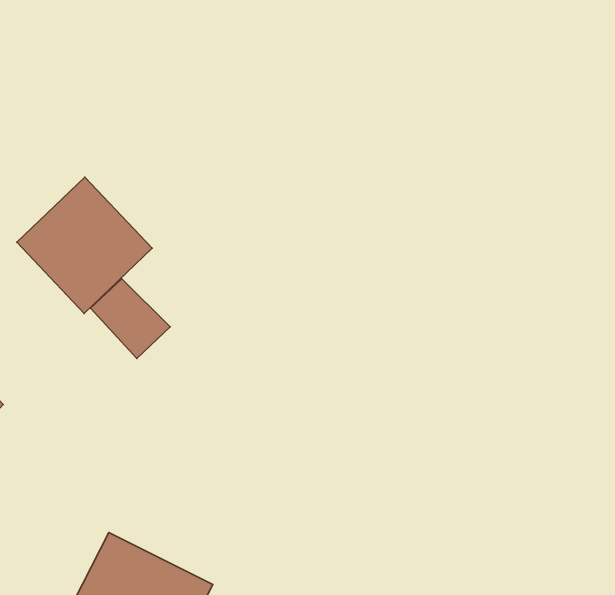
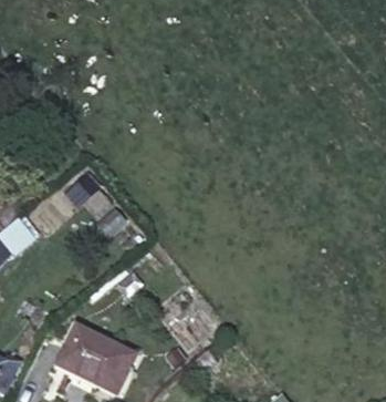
building: [17,177,152,313] -> none

